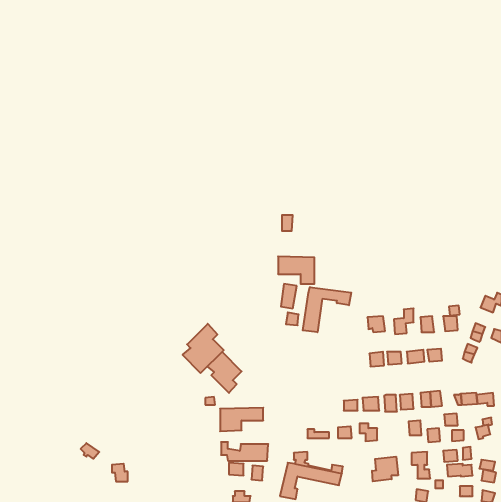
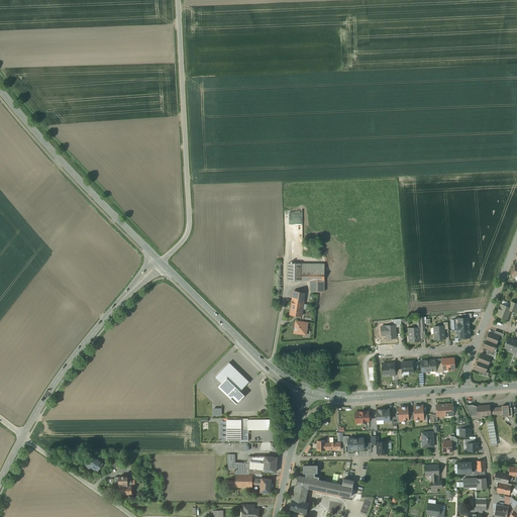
building: [303,287,351,332] -> none
building: [183,324,224,373] -> none
building: [372,457,398,481] -> none

